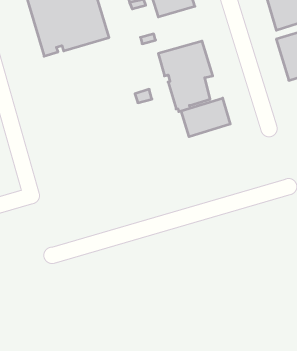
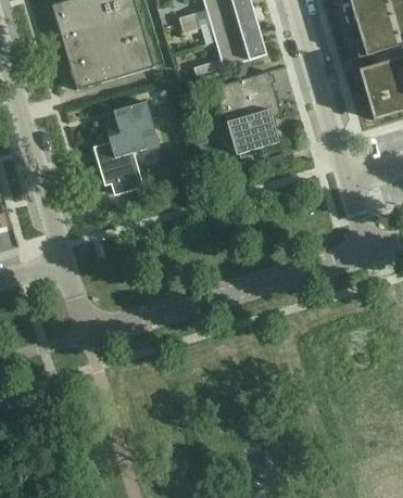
building: none -> [215,28,267,66]
building: none -> [93,100,160,194]
building: [181,98,230,137] -> none

